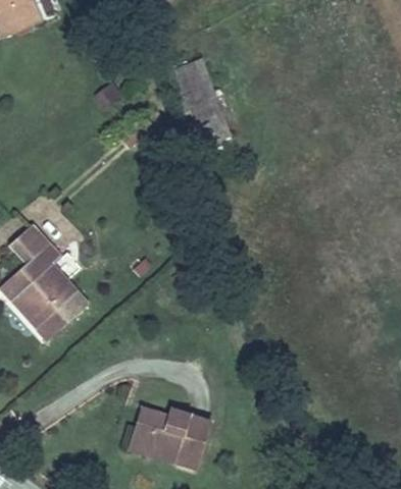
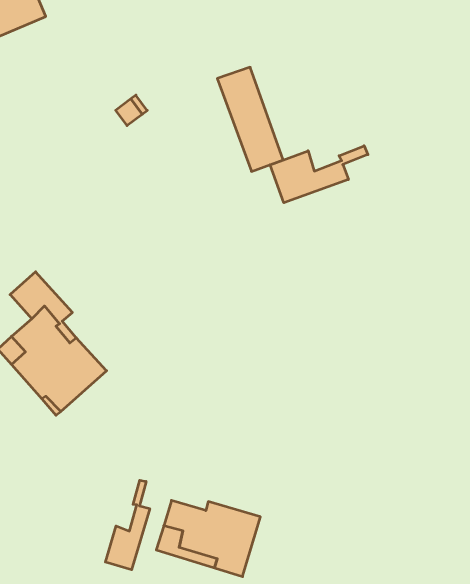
building: none -> [270,146,368,203]
building: none -> [105,480,150,570]

